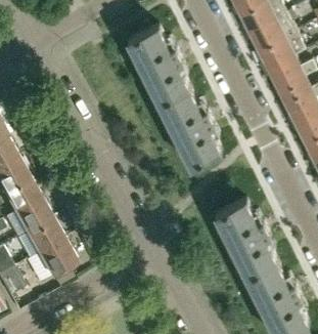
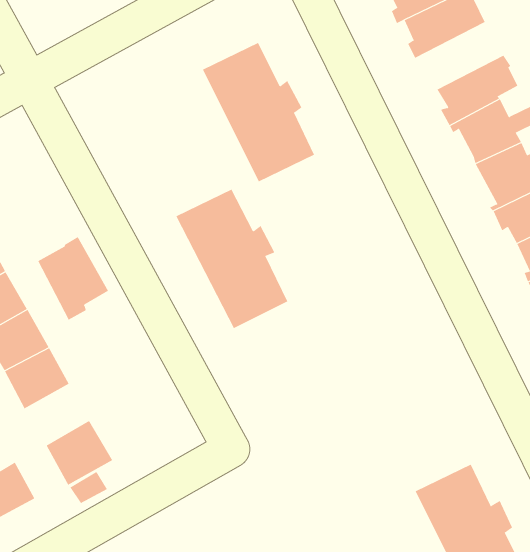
building: [245,13,296,51] -> none
building: [157,88,221,167] -> [175,189,288,329]
building: none -> [37,236,109,321]
building: [213,199,277,278] -> none
building: [26,217,62,255] -> none

